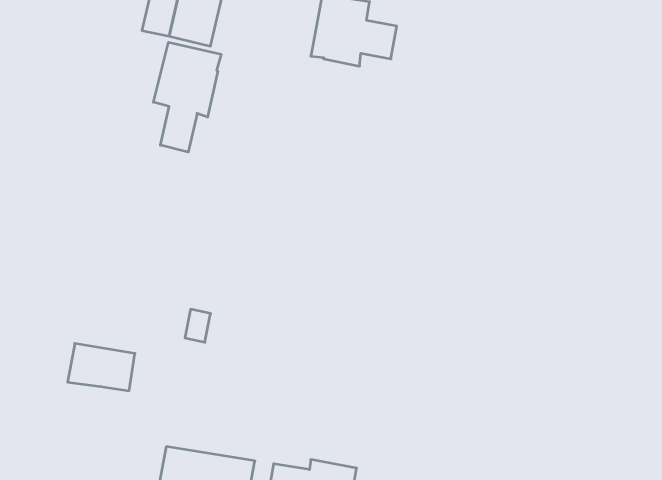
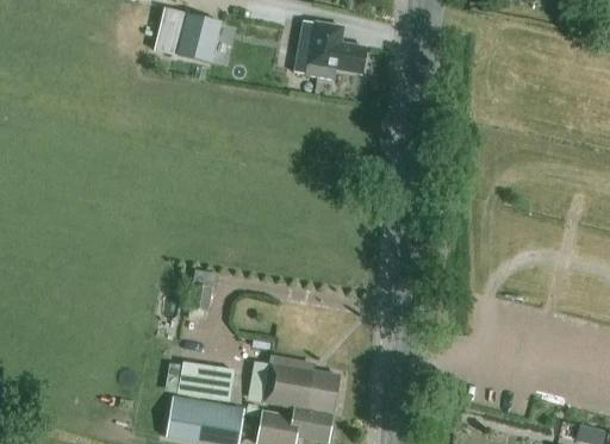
building: [153,42,221,152] -> none
building: [68,343,135,391] -> [178,362,234,401]
building: none -> [263,356,340,414]

